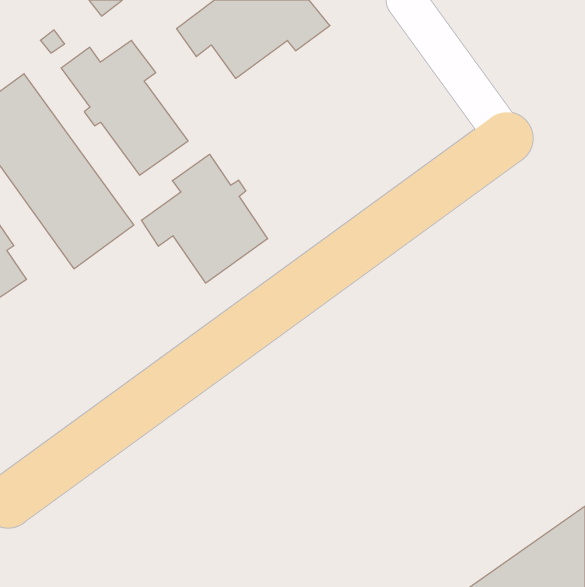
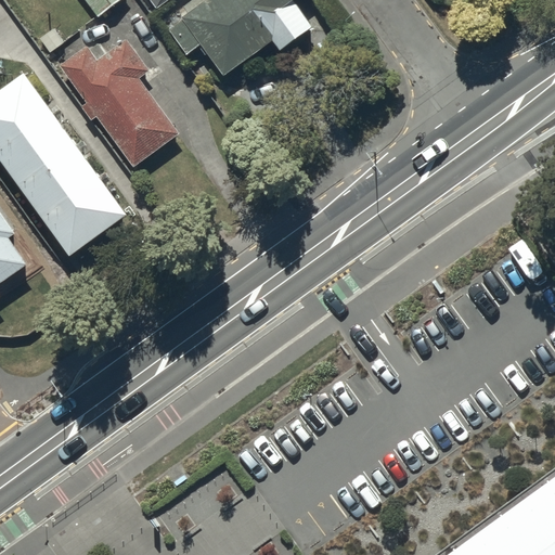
building: [141,154,268,283] -> none

